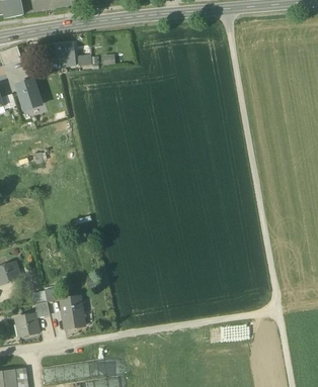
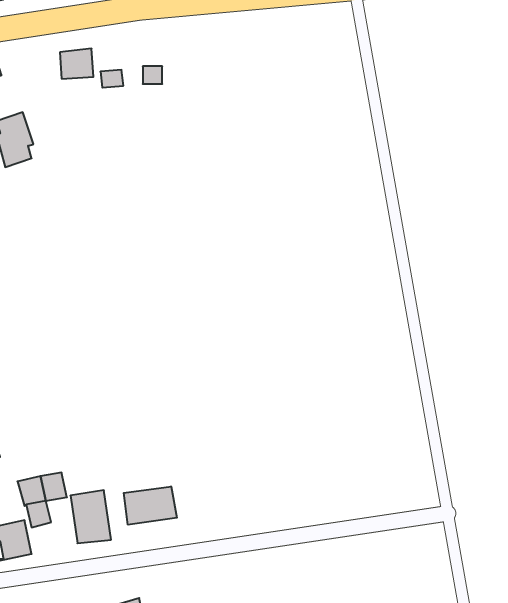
building: none -> [124,486,177,525]

